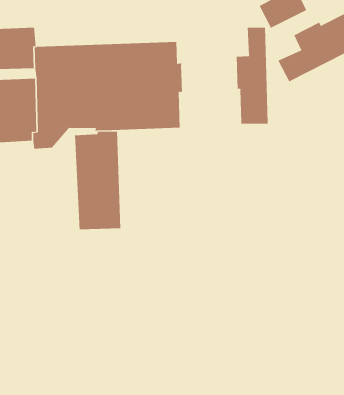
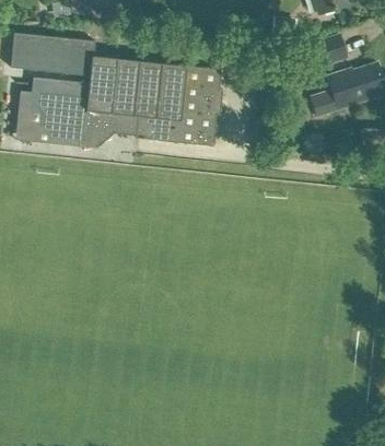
building: [236,27,269,125] -> none
building: [74,131,121,230] -> none

